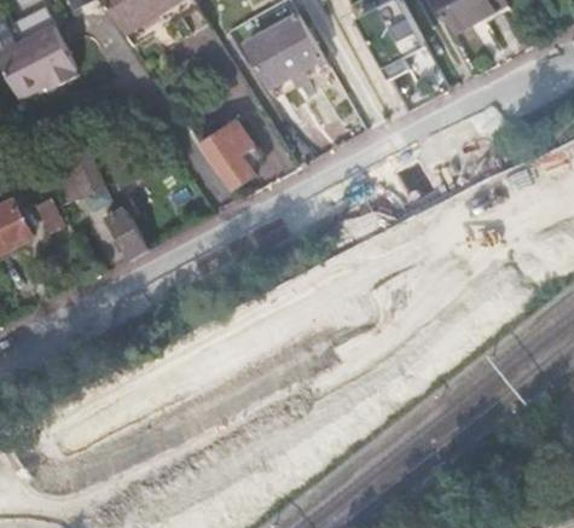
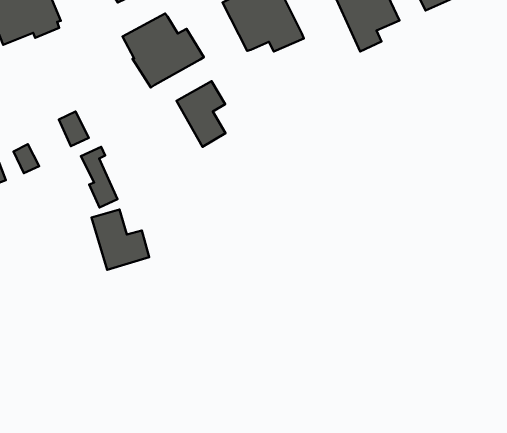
building: none -> [122,14,204,87]
building: none -> [92,210,149,270]

